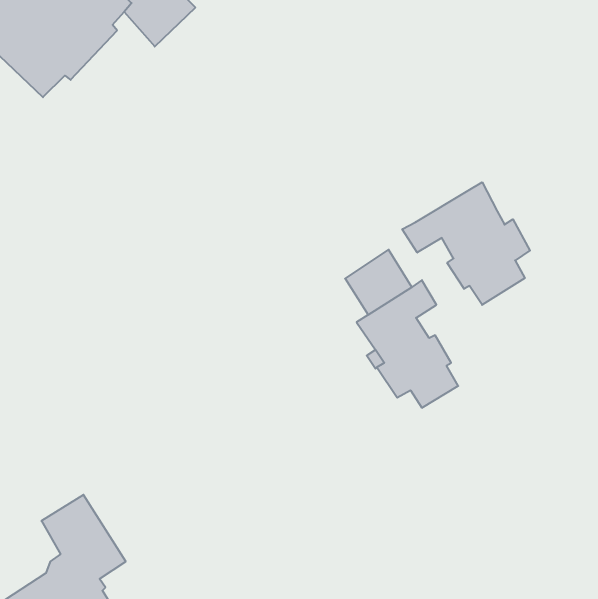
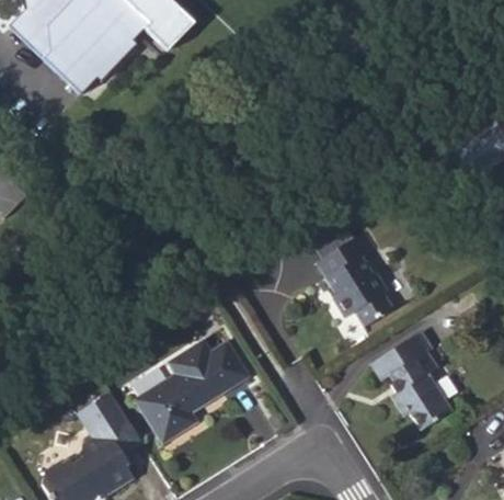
building: [402,182,530,305] -> none
building: none -> [370,330,451,429]
building: none -> [135,339,249,443]

